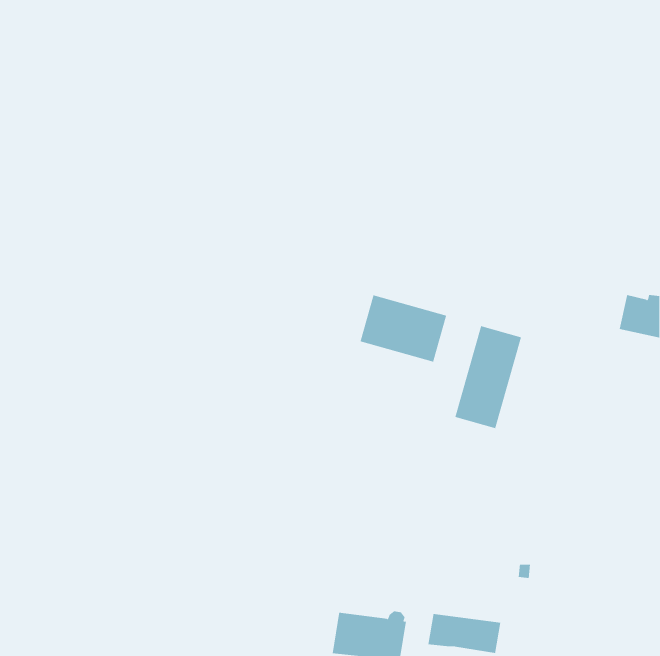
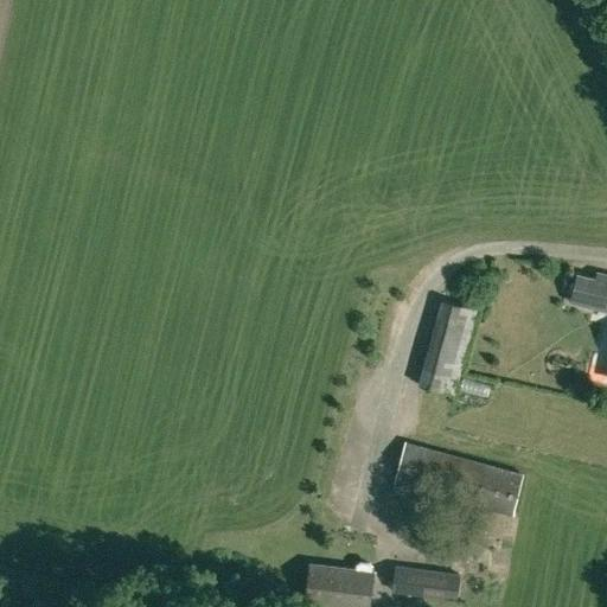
building: [360,294,447,362] -> none
building: none -> [394,442,524,518]

